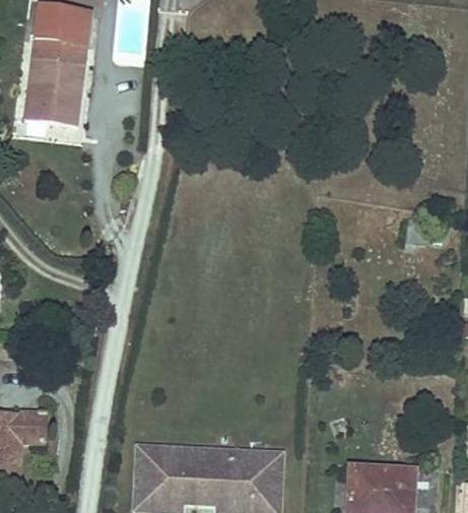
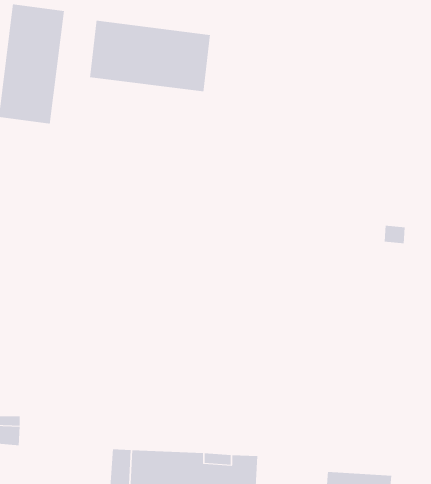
building: none -> [89,20,211,92]

